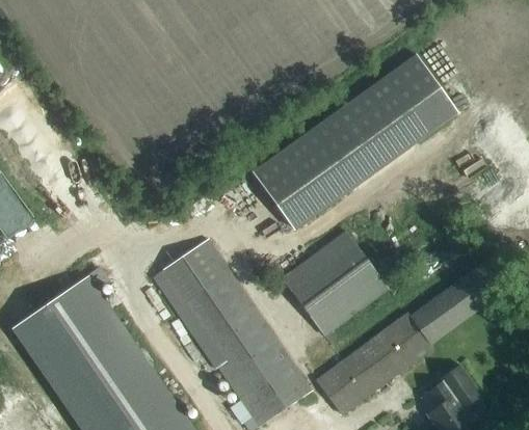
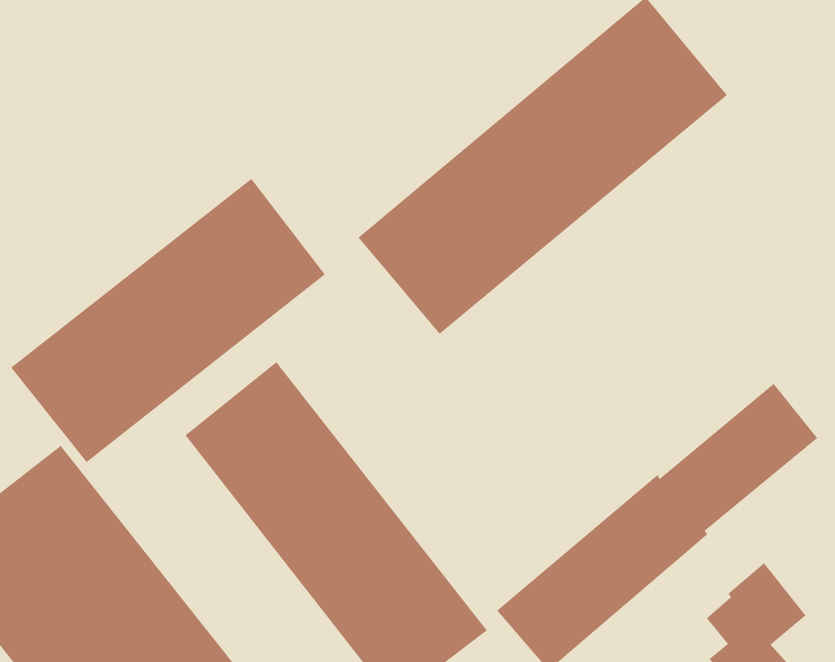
building: none -> [10,178,326,463]
building: [283,232,388,335] -> none

